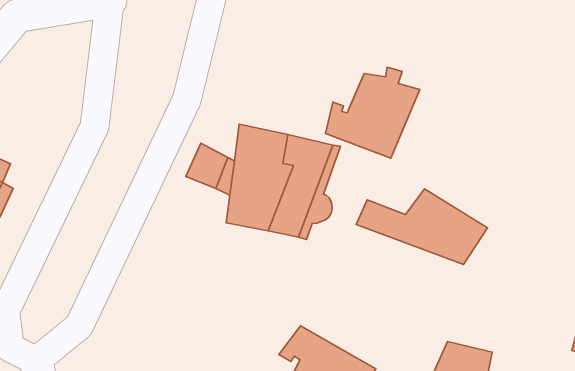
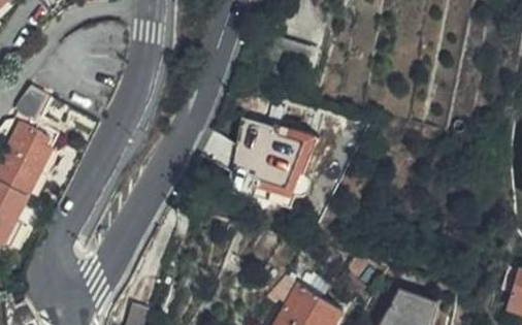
building: [325,67,420,158] -> none
building: [356,189,487,265] -> none

